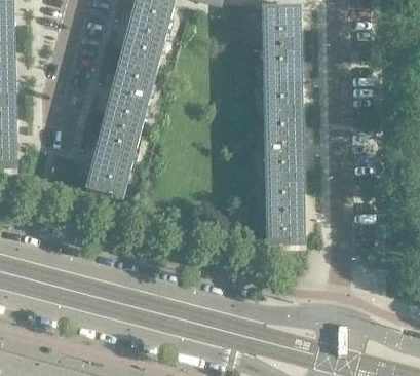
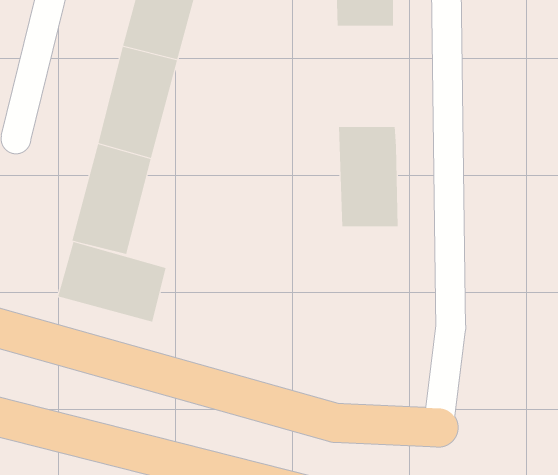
building: [262,46,301,113] -> none
building: [265,180,304,248] -> none
building: none -> [57,241,166,323]

